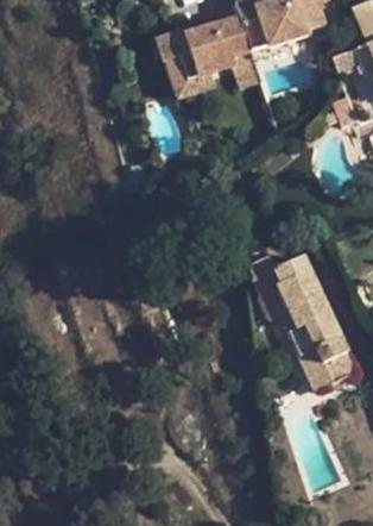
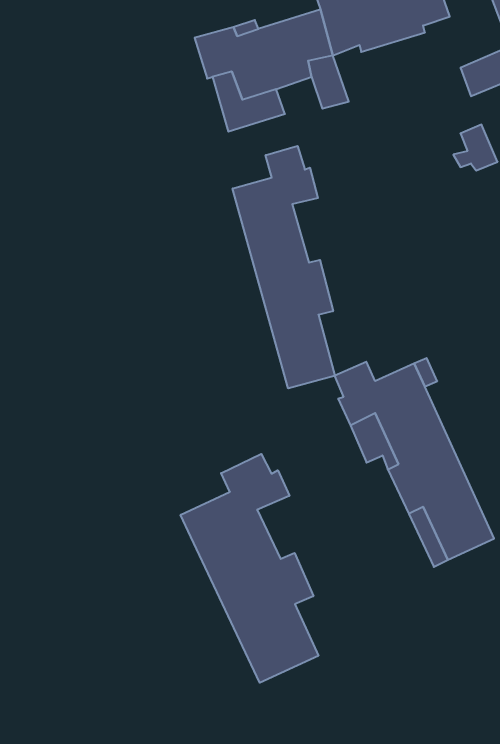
building: none -> [233,146,335,388]
building: none -> [181,454,318,683]

